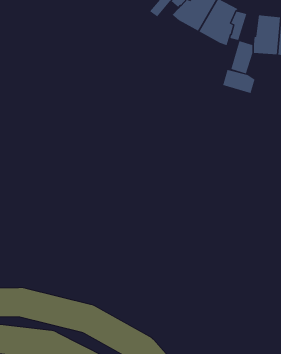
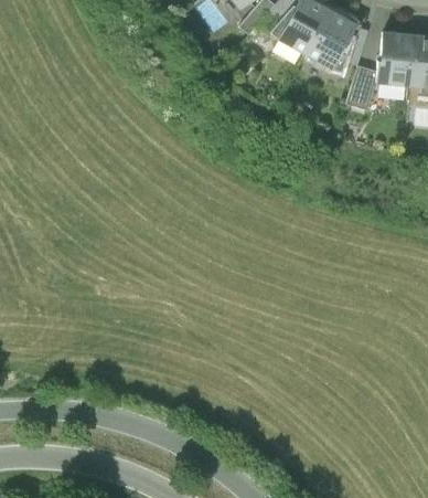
building: [222,69,255,94] -> none

